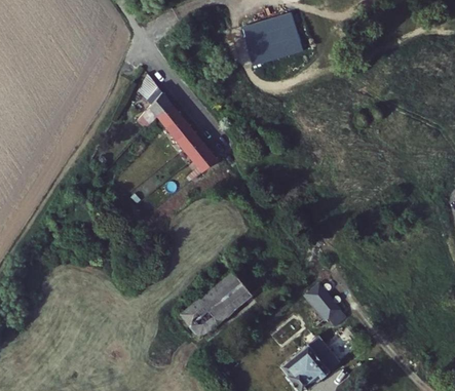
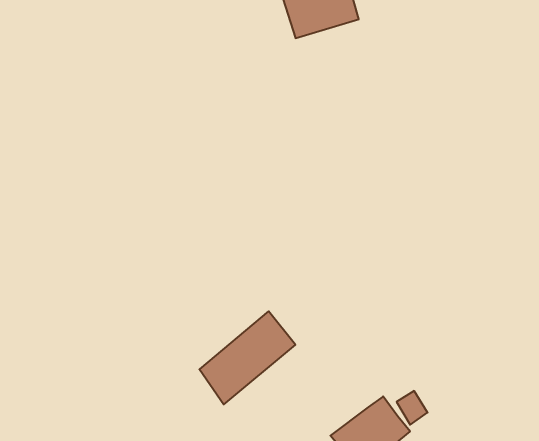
building: [139,74,219,175] -> none
building: [306,284,339,320] -> none

